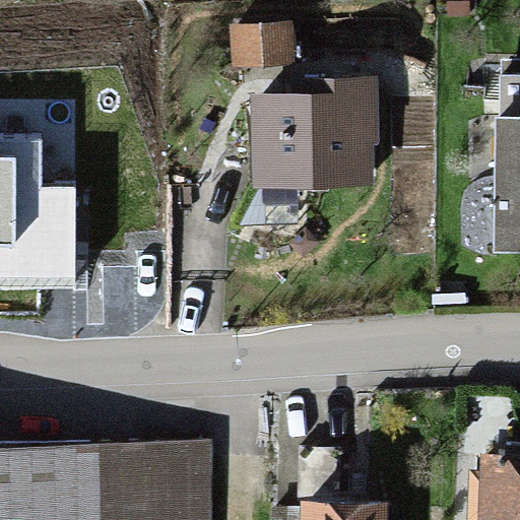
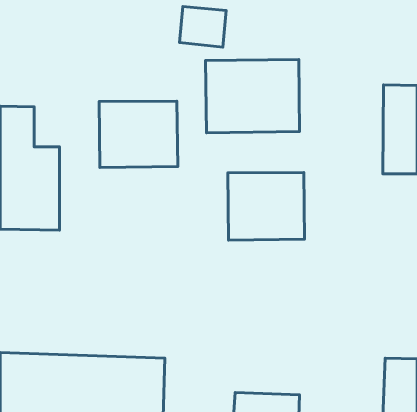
building: none -> [99,101,178,168]
building: none -> [228,173,305,240]

